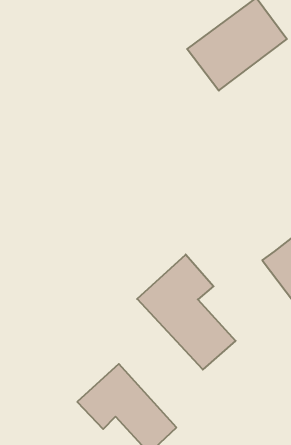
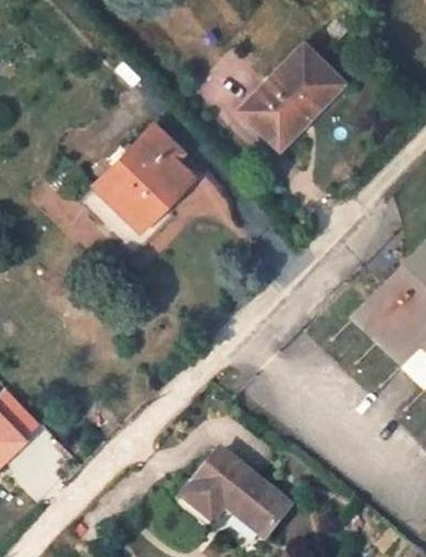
building: none -> [96,125,192,228]
building: [137,254,236,370] -> none

